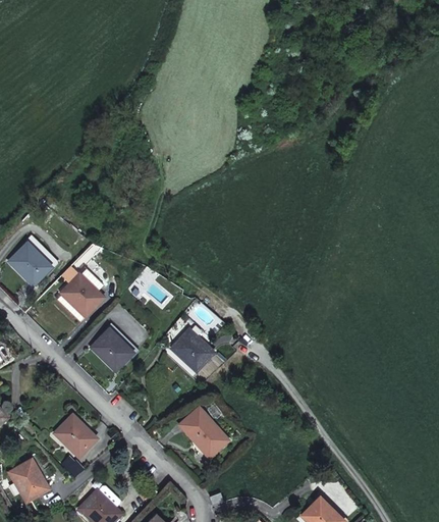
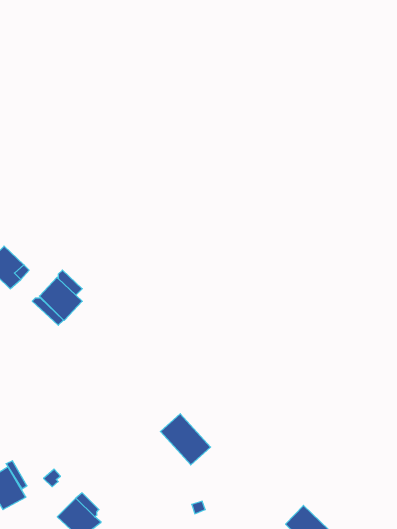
building: [91,327,132,370] -> none
building: [171,329,213,371] -> none
building: [54,414,96,457] -> none

